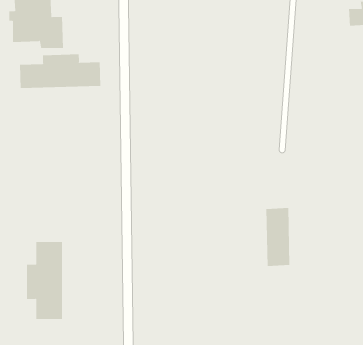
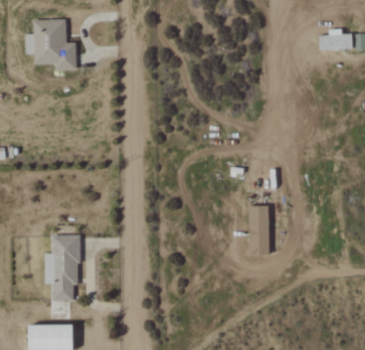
building: [19,54,101,89] -> none

